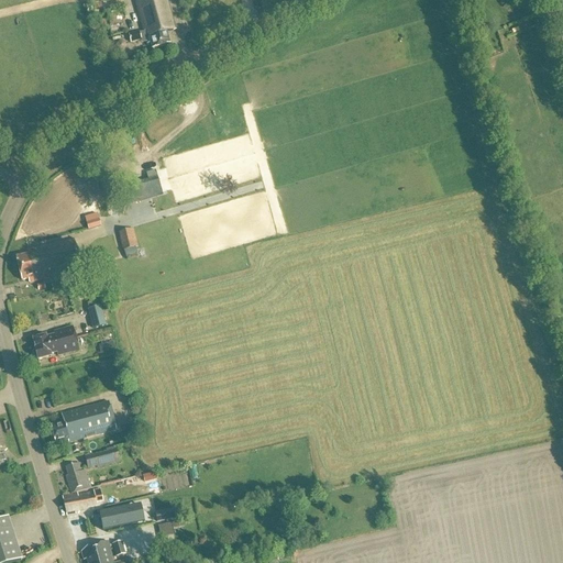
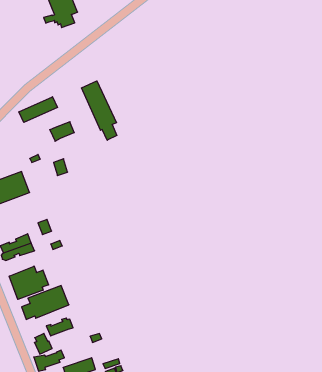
building: none -> [81,81,117,140]
building: none -> [19,97,57,122]
building: none -> [9,266,49,299]

